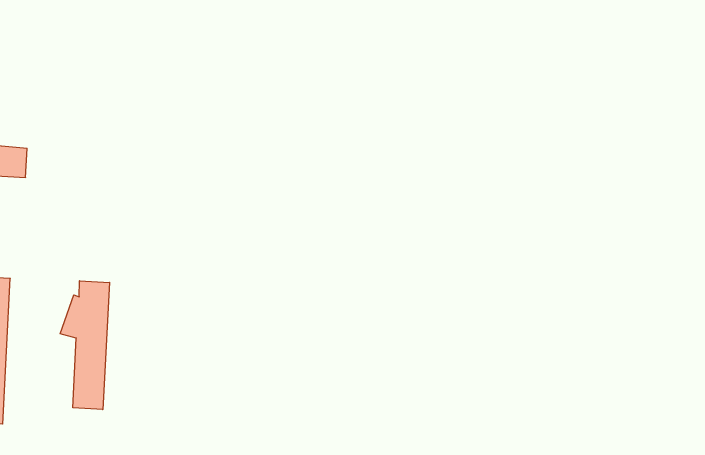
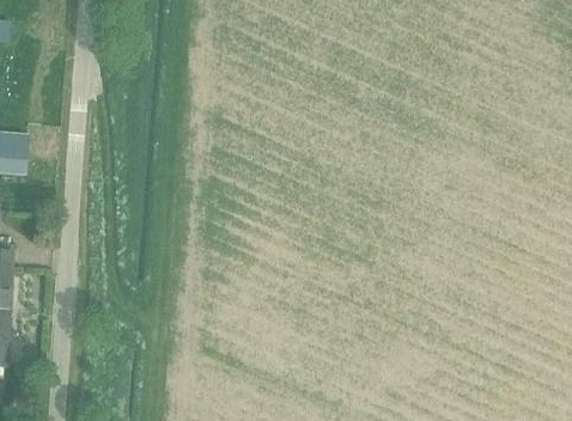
building: [60,281,110,410] -> none

